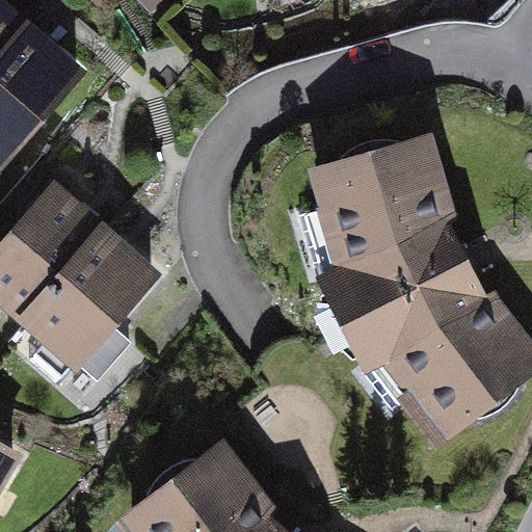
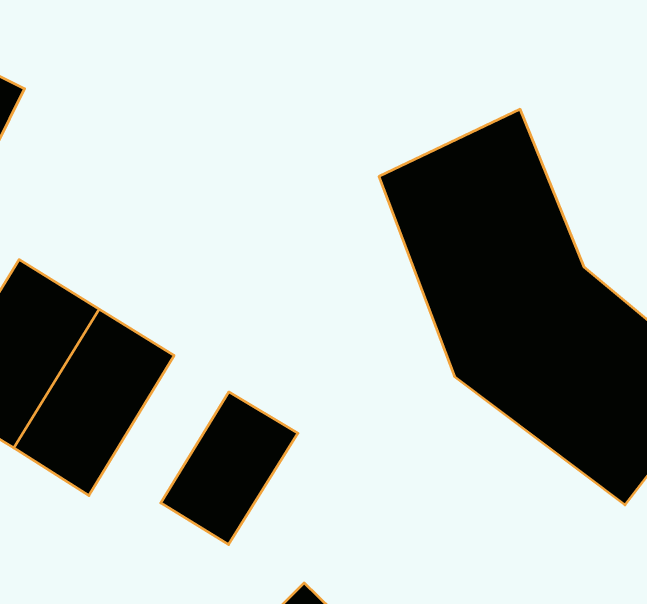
building: none -> [161,392,298,545]

